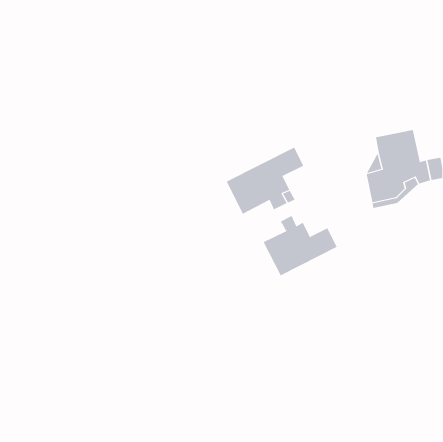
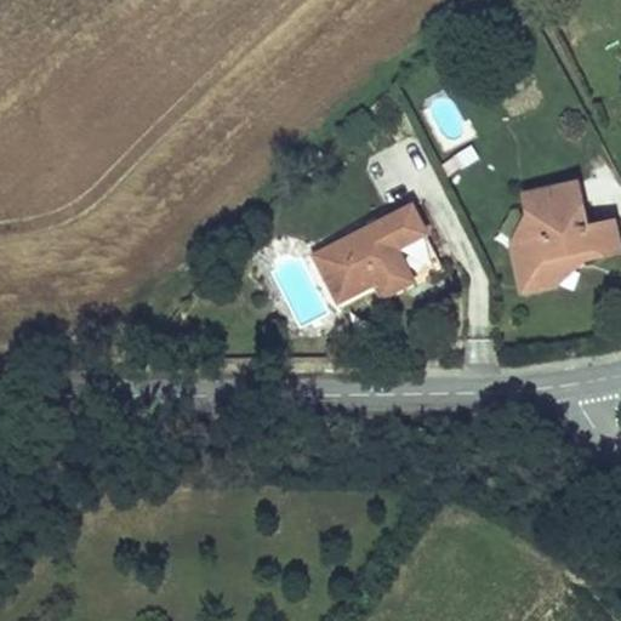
building: [263,215,337,276] -> none

